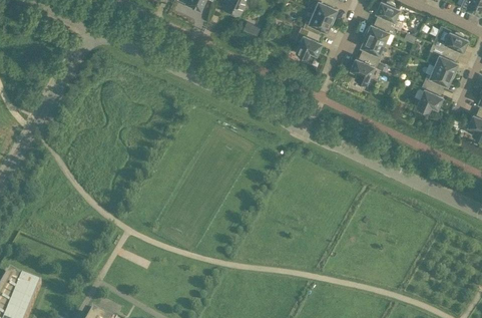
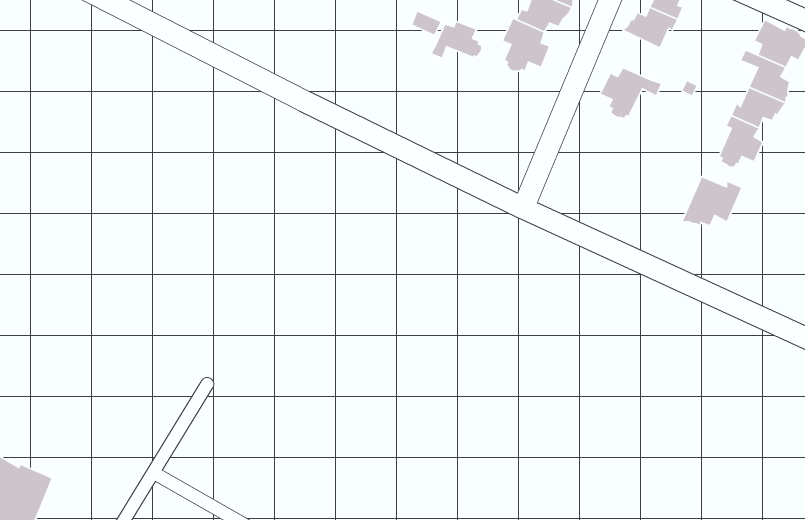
building: none -> [431,21,482,58]
building: [359,32,382,60] -> none
building: none -> [682,177,742,226]

